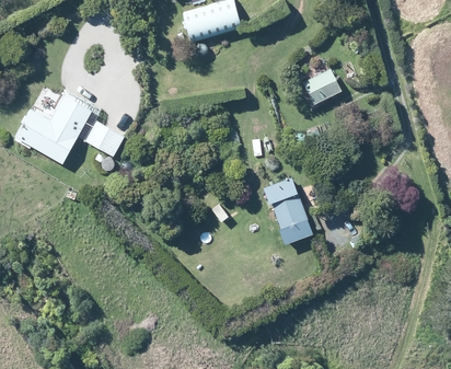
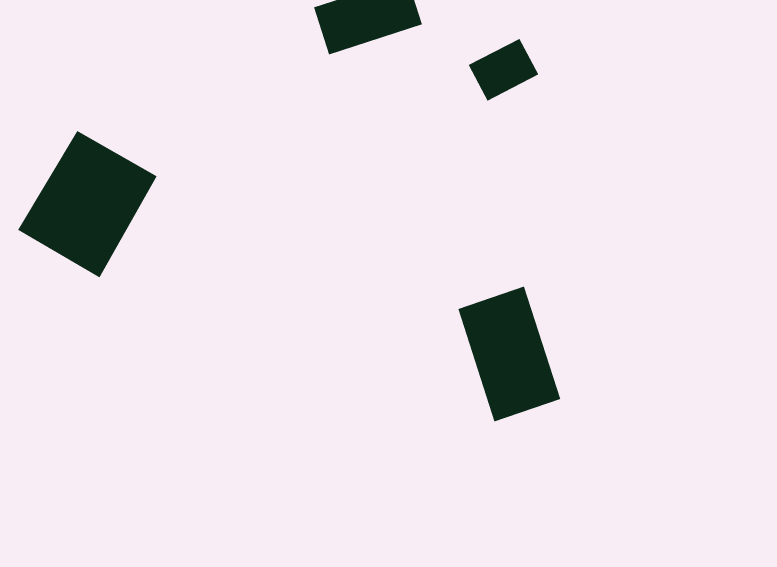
building: [302,69,343,105] -> [468,38,539,101]
building: [89,119,122,152] -> none

